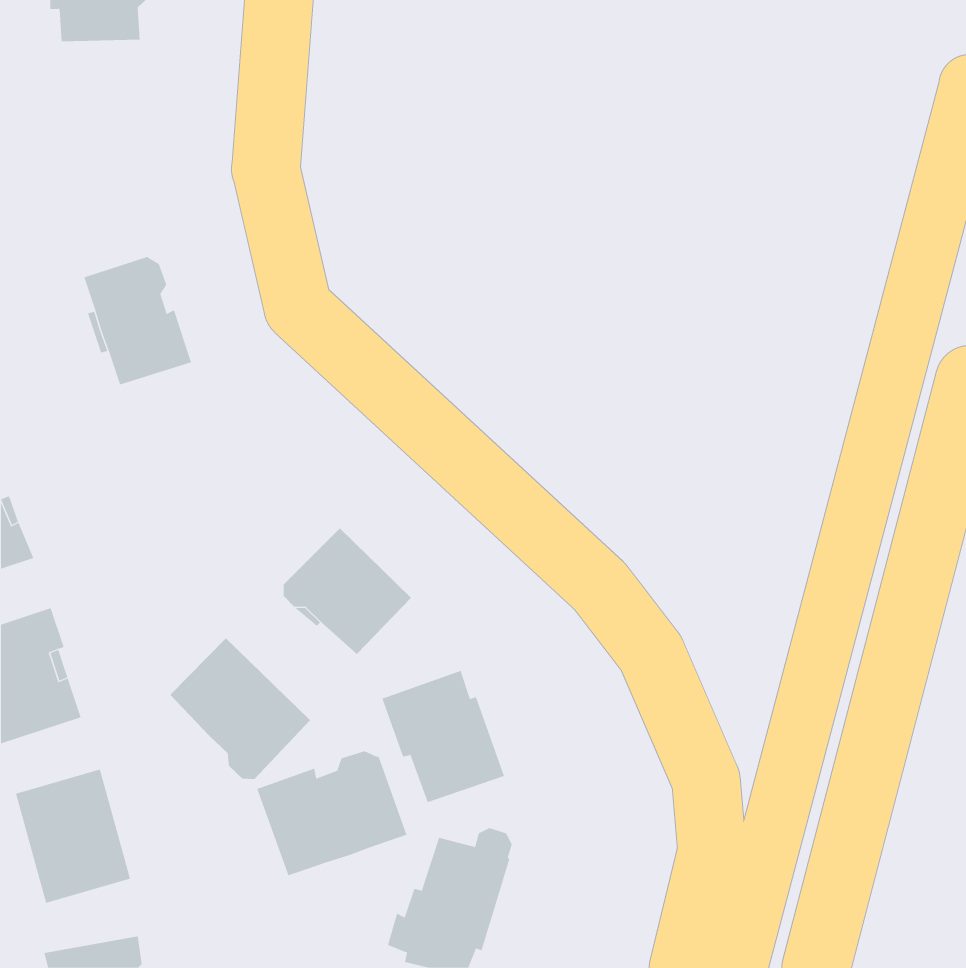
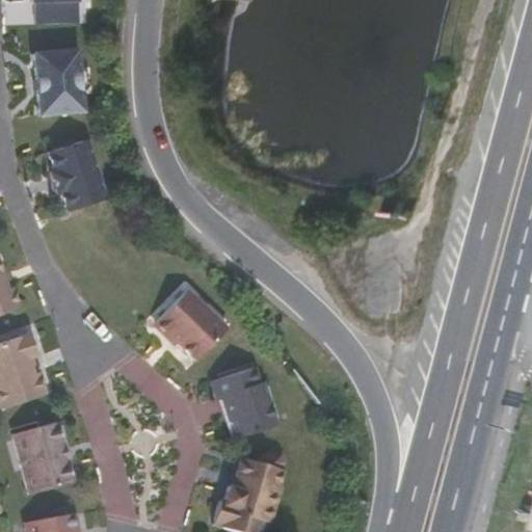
building: none -> [34,49,90,116]
building: [170,638,311,780] -> none
building: [256,750,407,876] -> none

